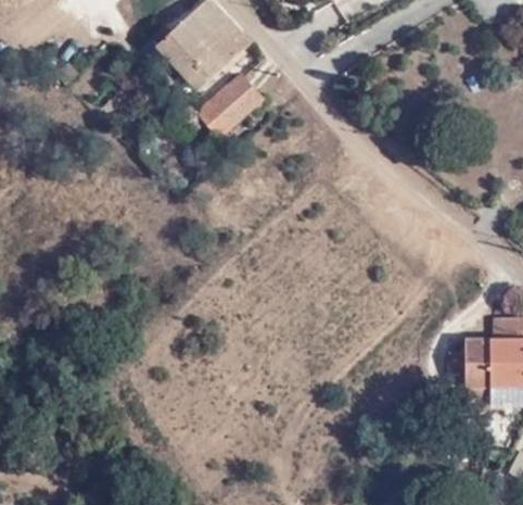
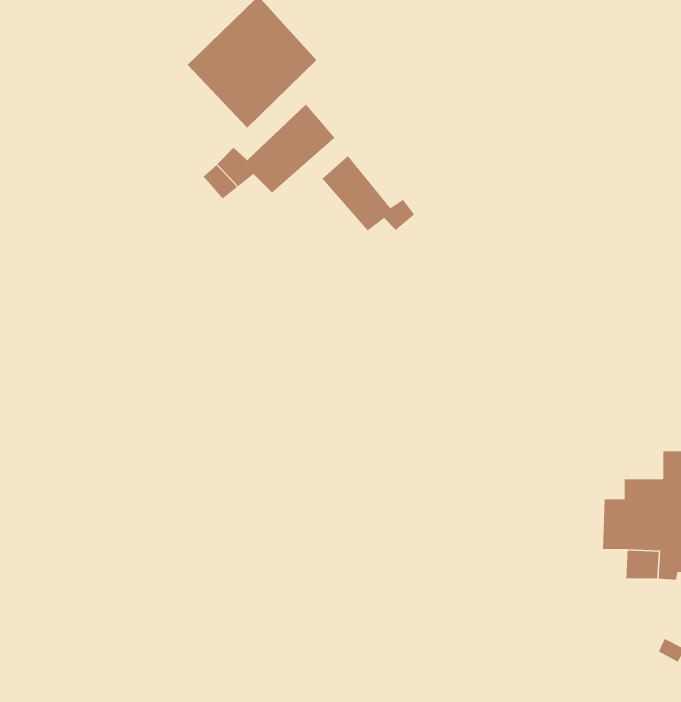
building: none -> [321,155,415,232]

